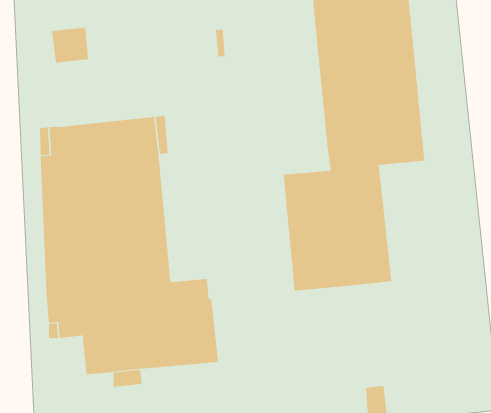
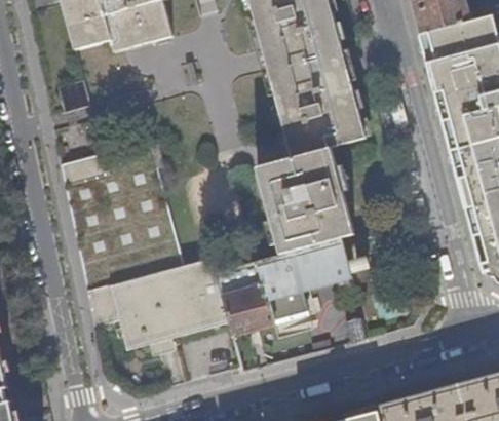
building: none -> [217,239,351,336]

